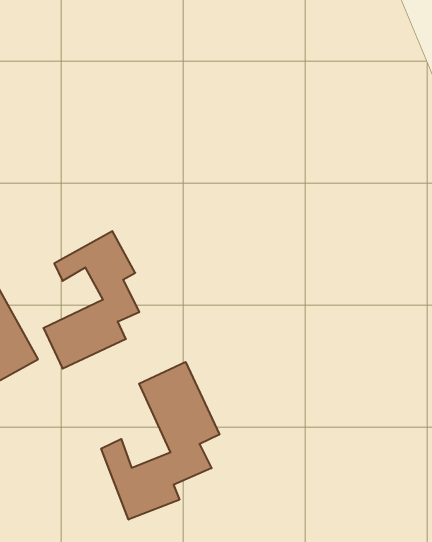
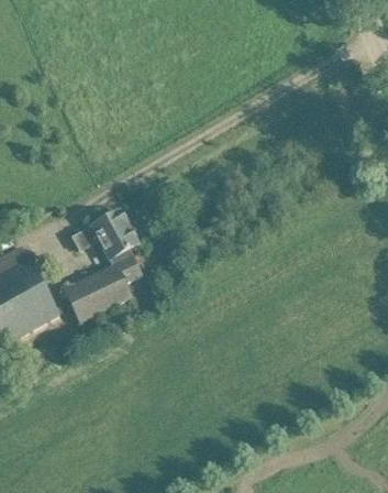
building: [101,362,219,520] -> none

